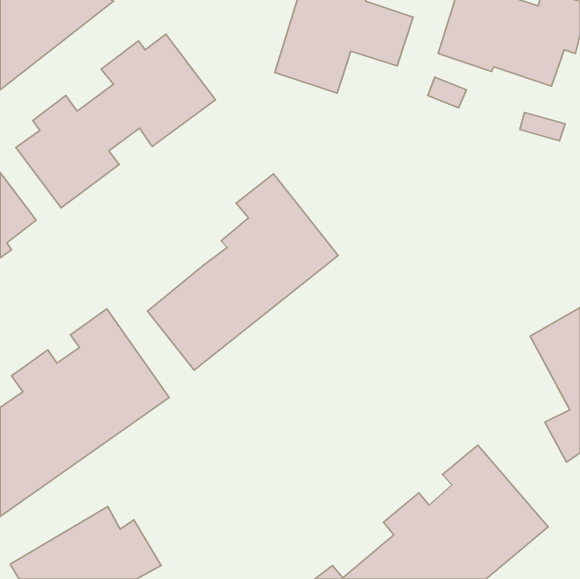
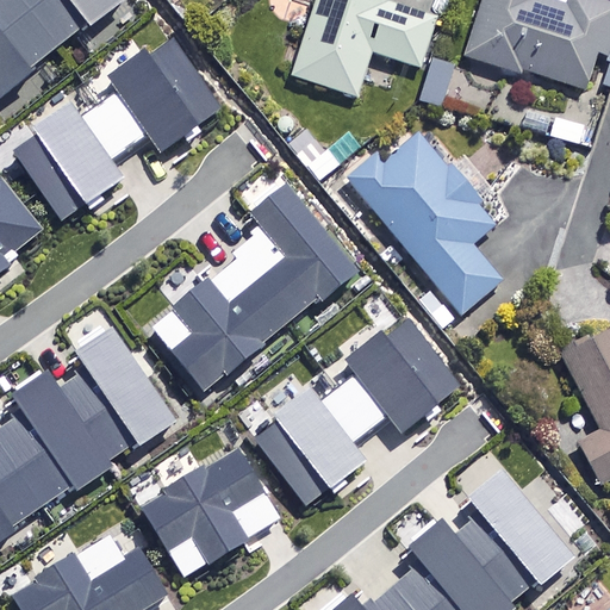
building: none -> [342,132,498,315]
building: none -> [255,320,459,503]
building: none -> [143,447,281,577]

